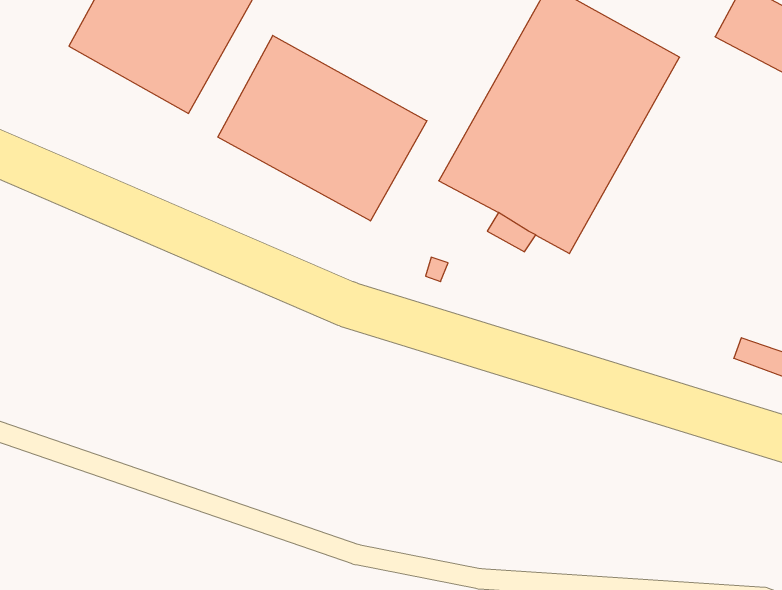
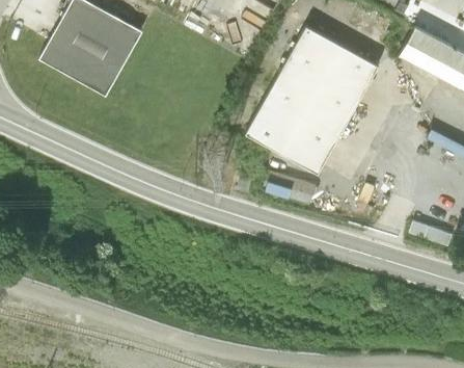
building: [218,35,427,221] -> none

